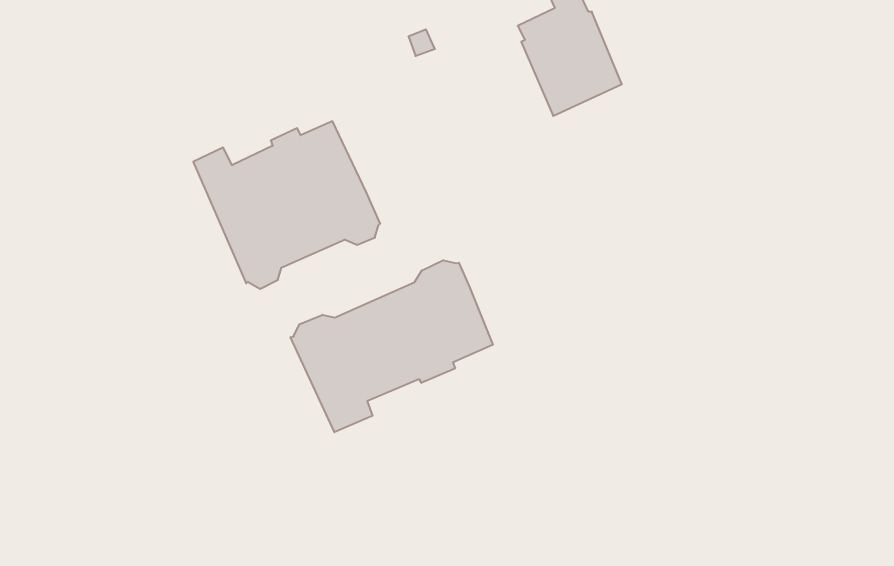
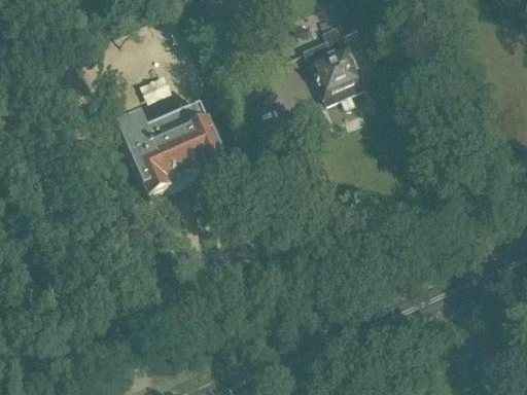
building: [291,260,493,432] -> none

